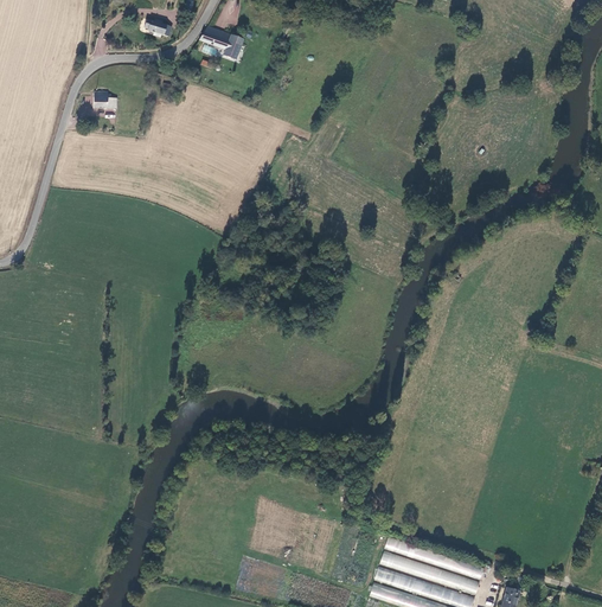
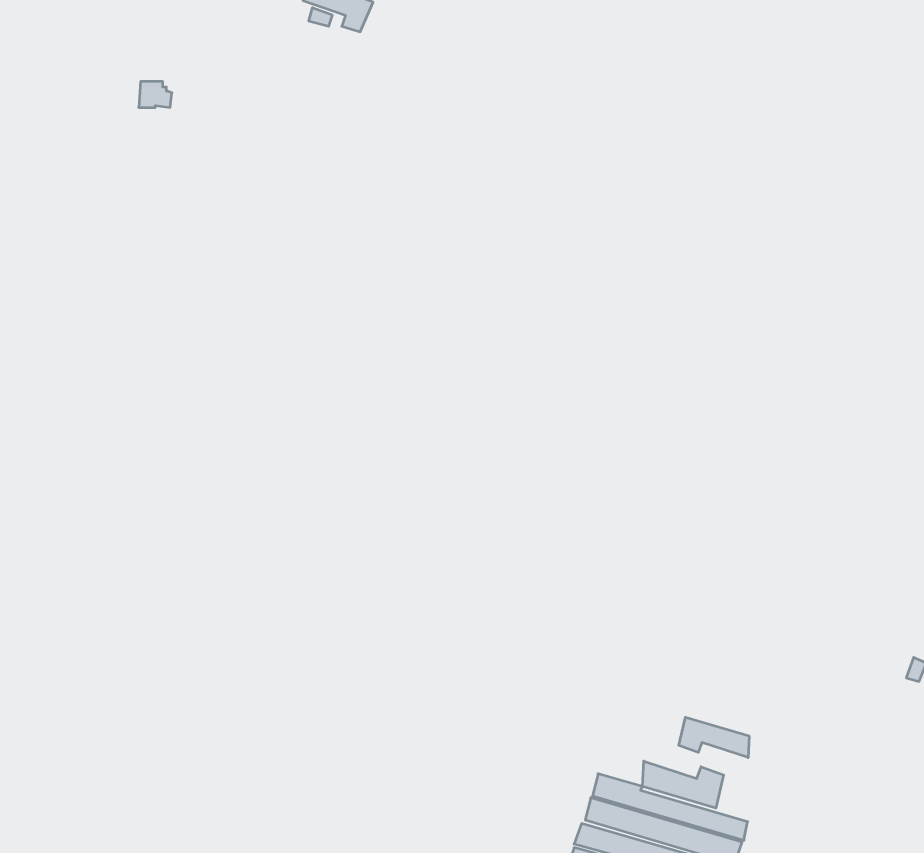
building: none -> [679,717,749,758]
building: none -> [642,761,724,808]

